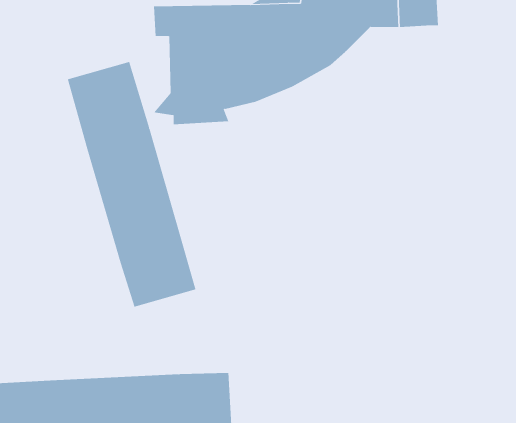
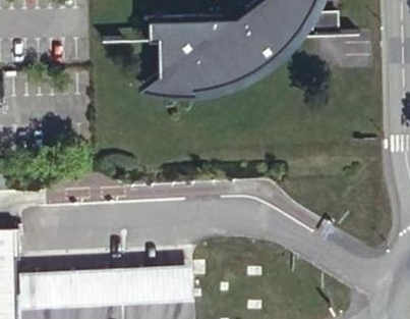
building: [67,61,196,307] -> none

